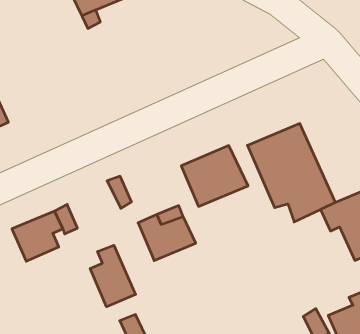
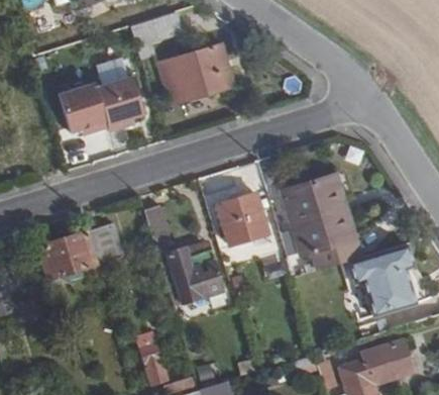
building: none -> [156,45,225,106]
building: none -> [60,56,147,138]
building: [90,245,136,307] -> none

